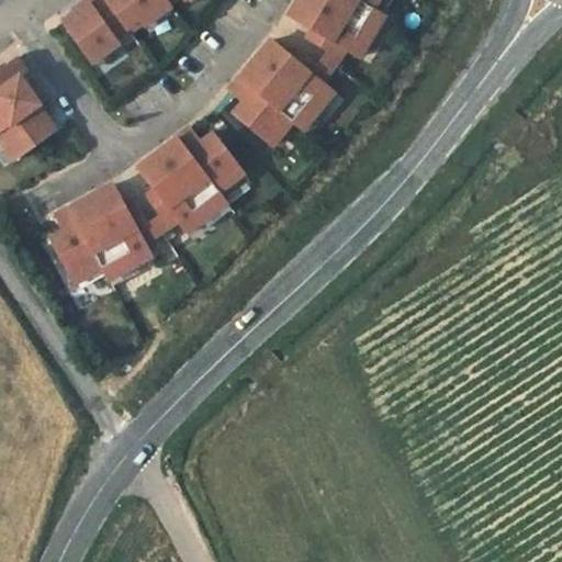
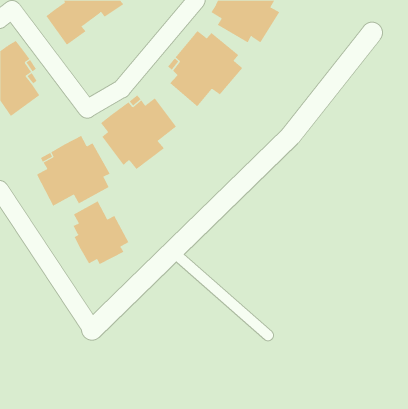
building: none -> [73,200,129,265]

